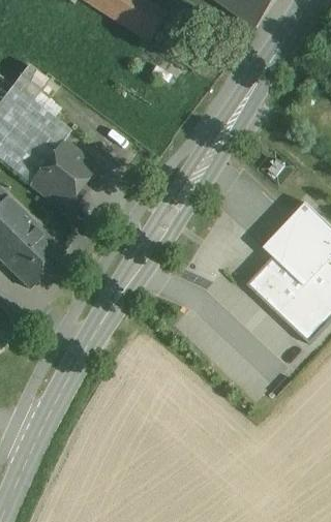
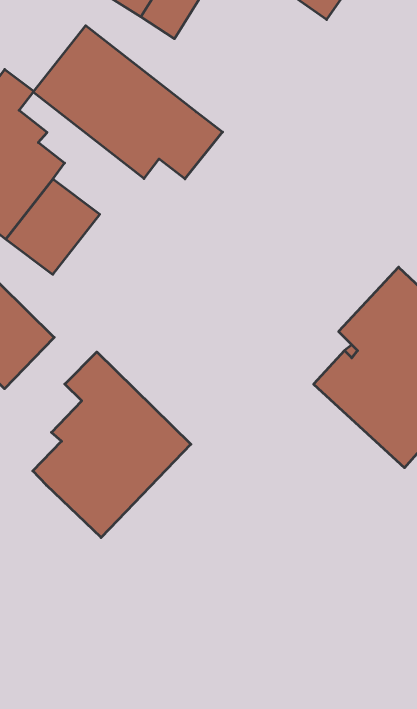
building: none -> [33,26,223,179]
building: none -> [33,352,191,538]

